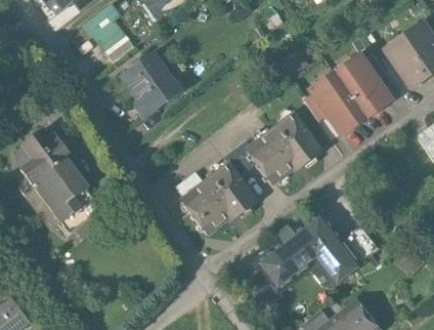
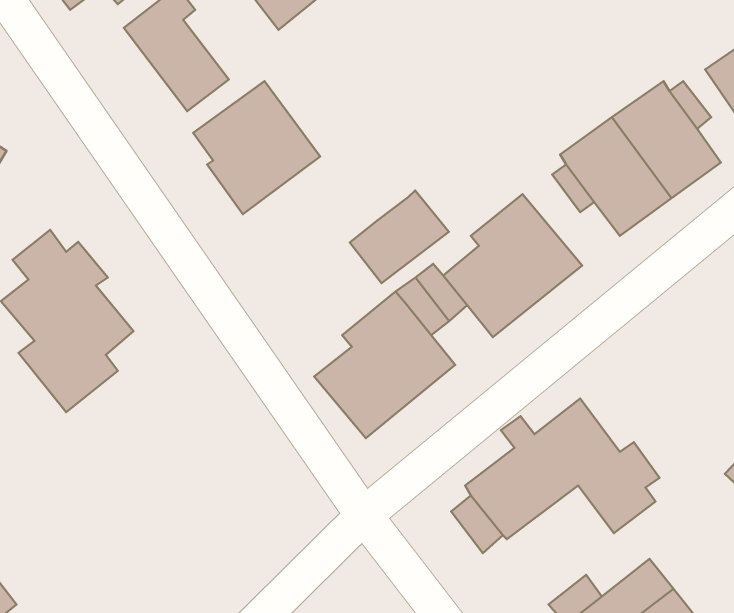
building: none -> [350,191,449,283]

